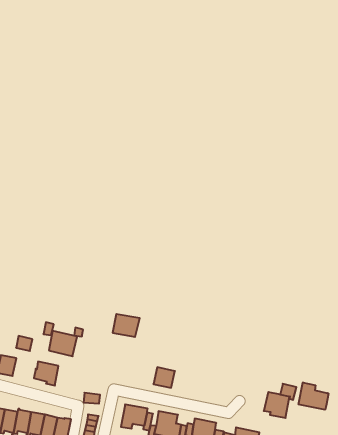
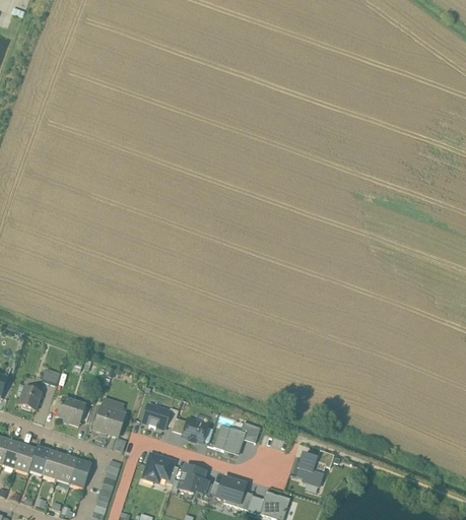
building: [113,314,140,337] -> [140,402,171,429]
building: [49,331,77,356] -> [93,406,125,436]
building: none -> [213,424,246,455]
building: [299,382,328,410] -> none

